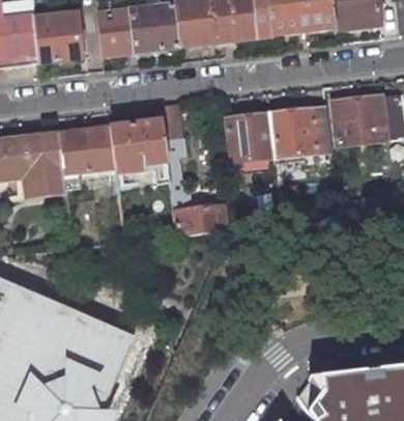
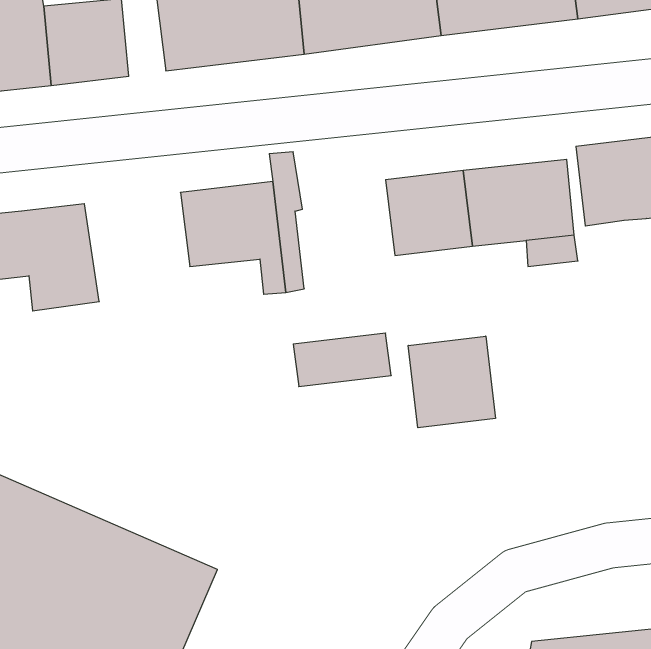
building: [57,124,116,186] -> none
building: none -> [408,336,495,428]

